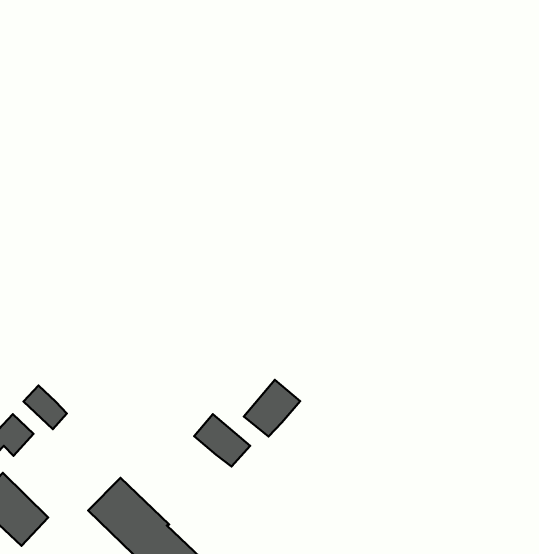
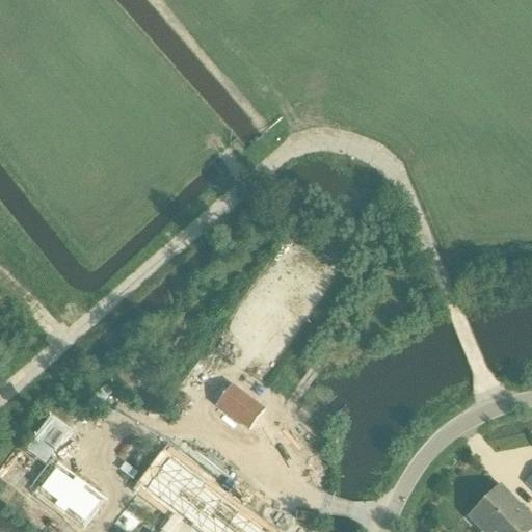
building: [244,380,300,436] -> none
building: [24,386,67,429] -> none

